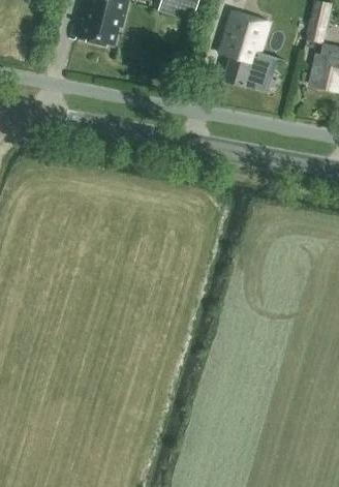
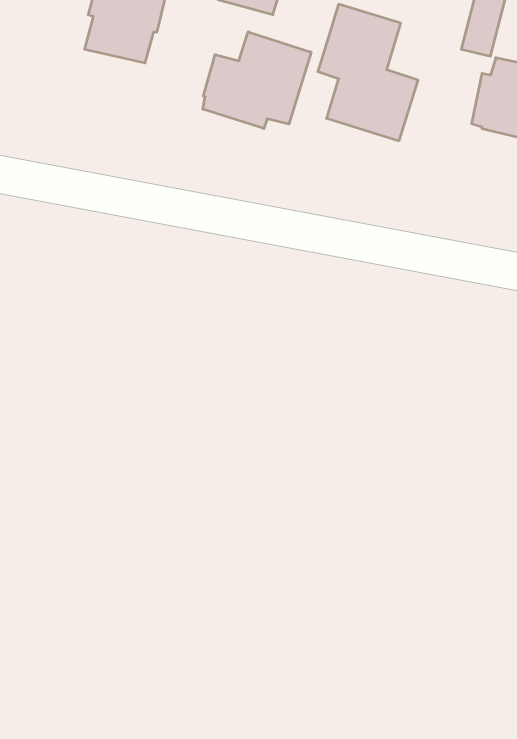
building: none -> [203,32,311,129]

